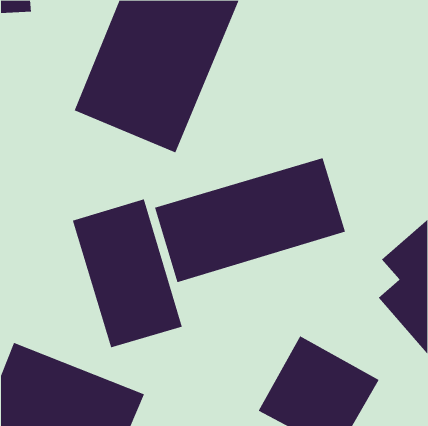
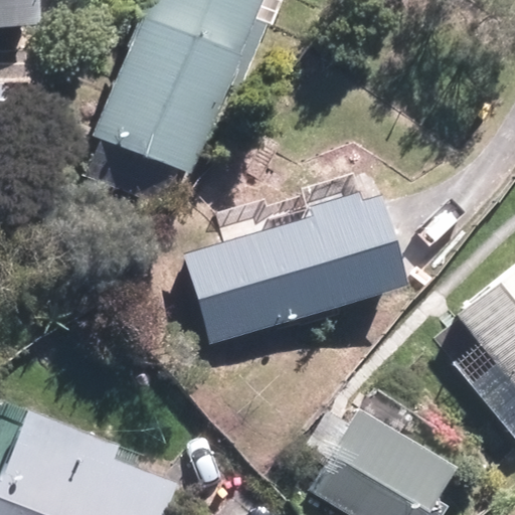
building: [72,199,182,348] -> none

